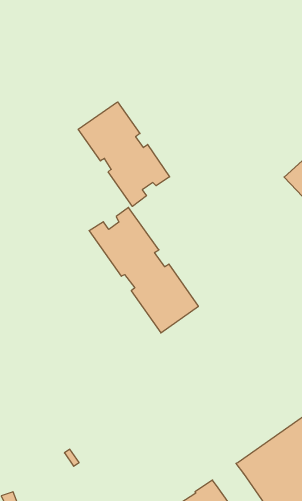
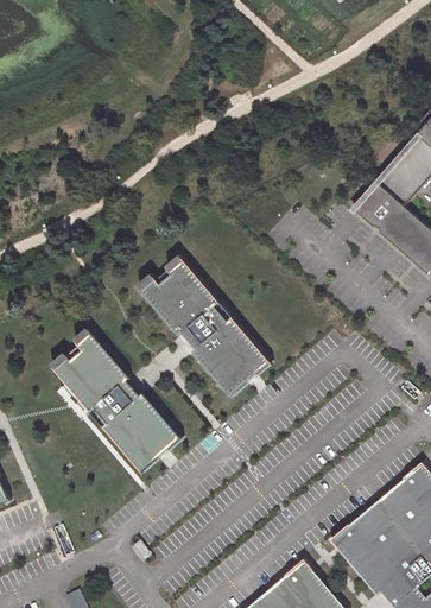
building: [78,102,170,206] -> none
building: none -> [50,328,178,470]

